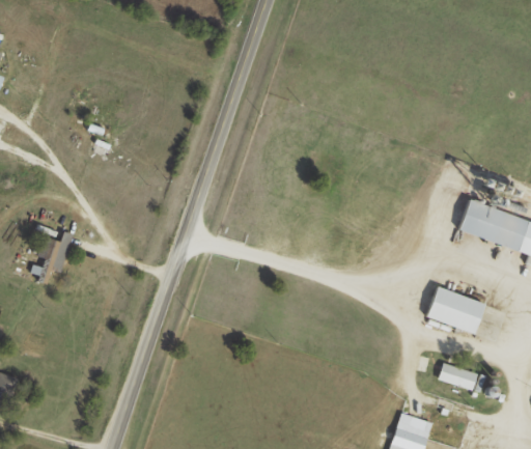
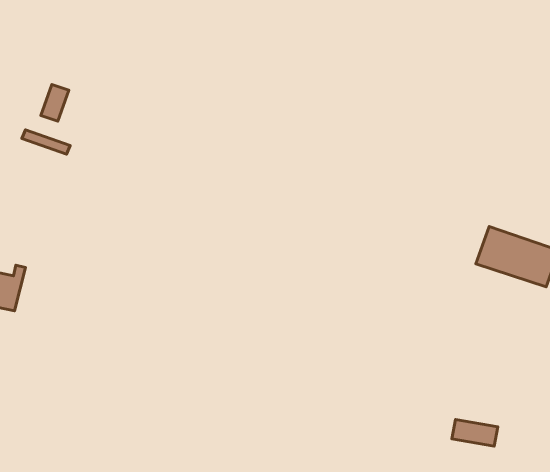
building: none -> [41,84,69,121]
building: [427,287,485,333] -> none

